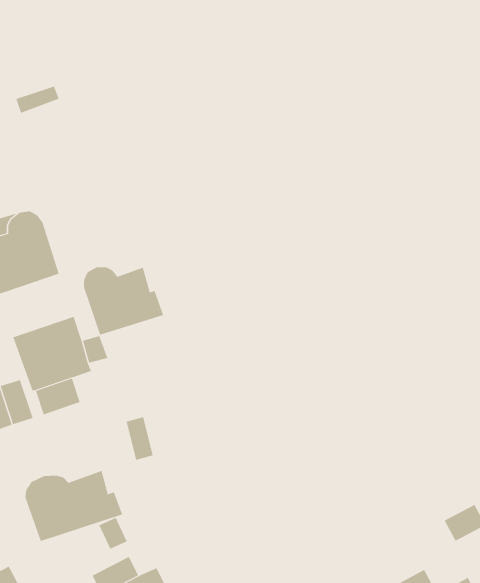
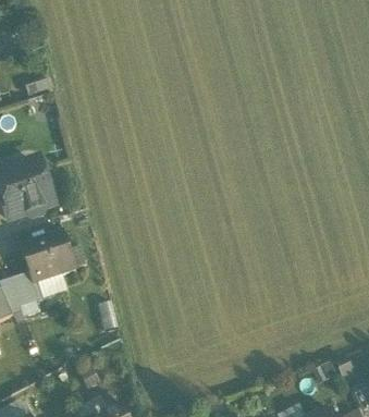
building: [84,267,164,336] -> none
building: [25,470,123,542] -> none

